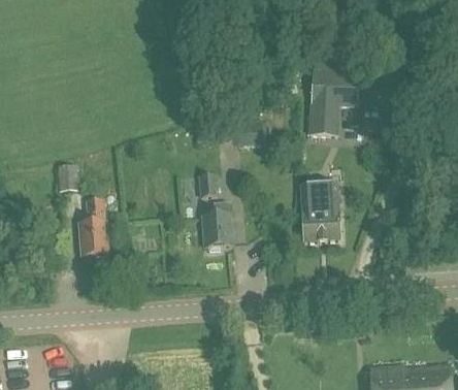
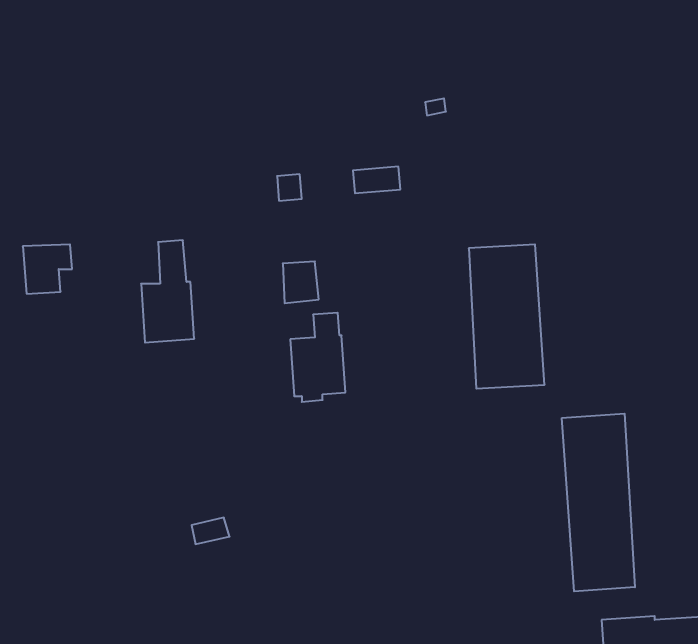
building: [305,72,357,136] -> none
building: [78,199,107,255] -> [141,240,194,343]
building: none -> [562,414,635,591]

